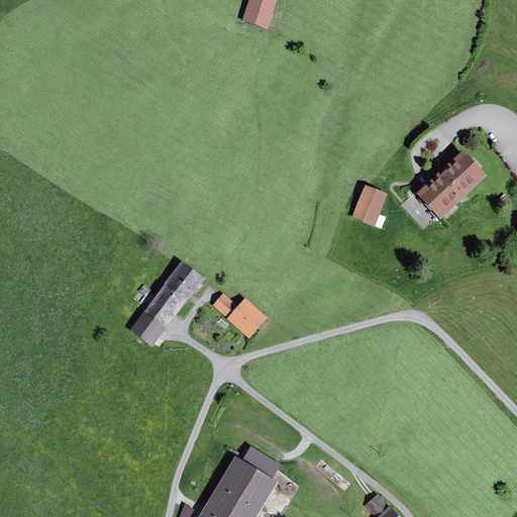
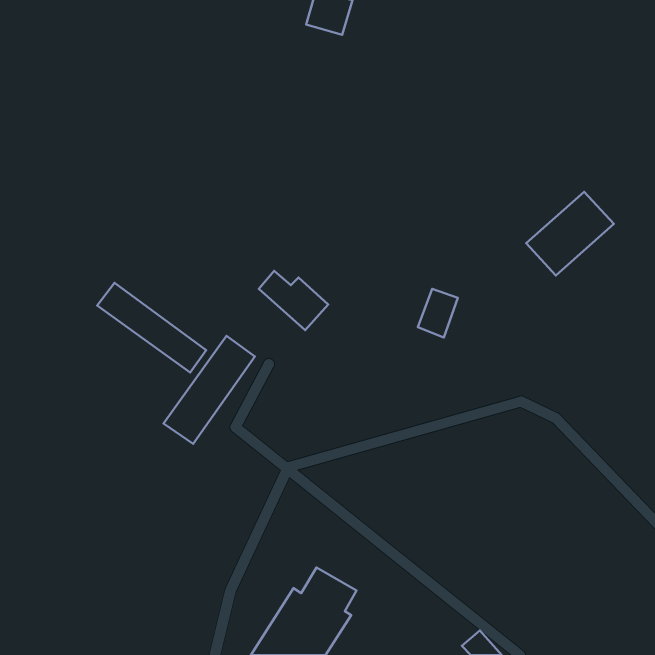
building: [353,185,385,223] -> [418,289,458,338]
building: none -> [97,283,206,372]
building: [213,295,268,341] -> [259,271,328,330]

